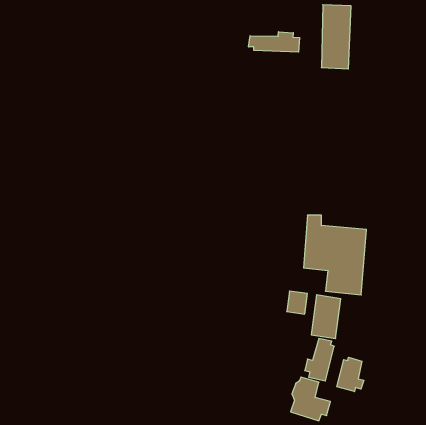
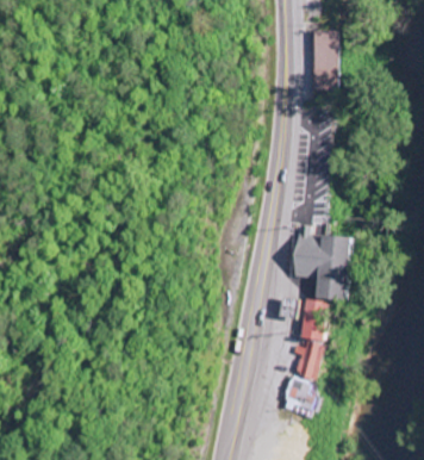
building: [249,32,300,52] -> none
building: [337,357,364,392] -> none

